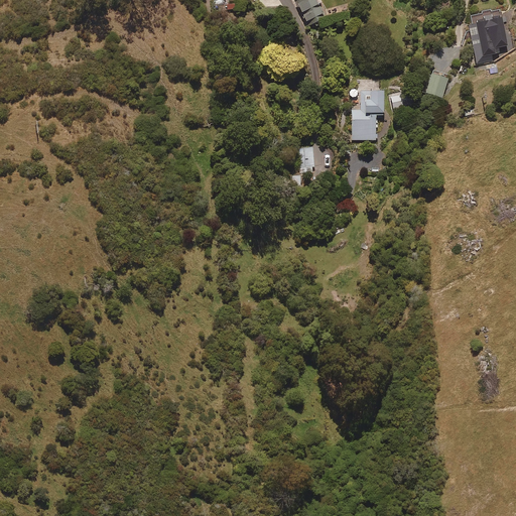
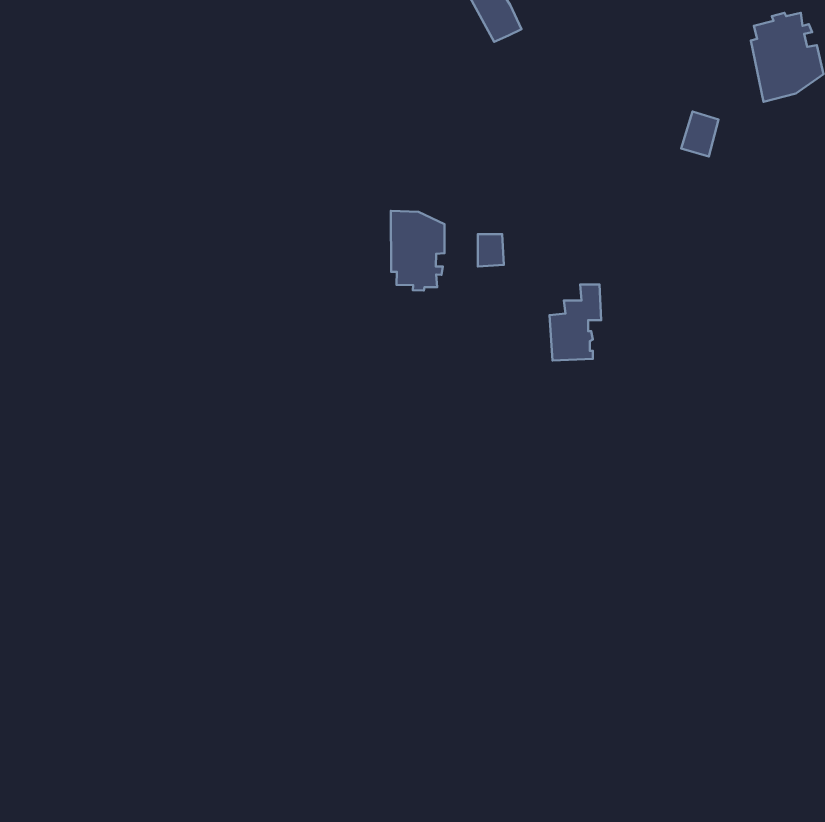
building: [351,92,383,139] -> [549,284,601,360]
building: none -> [391,211,444,291]

